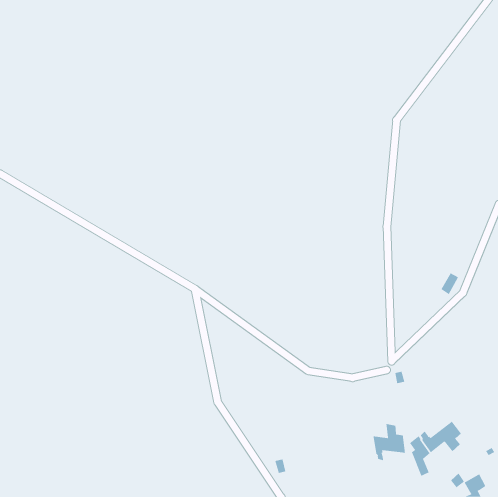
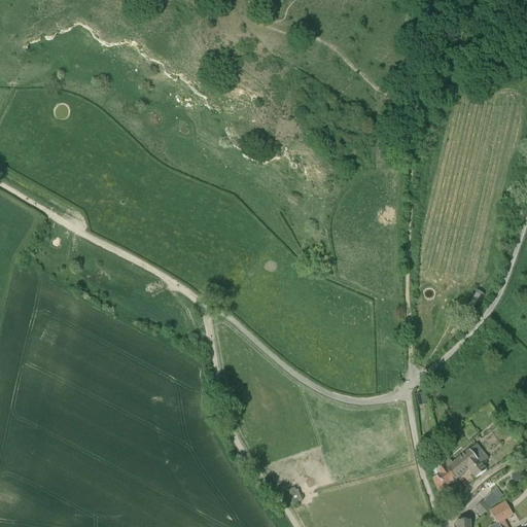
building: [373,423,406,461] -> none

